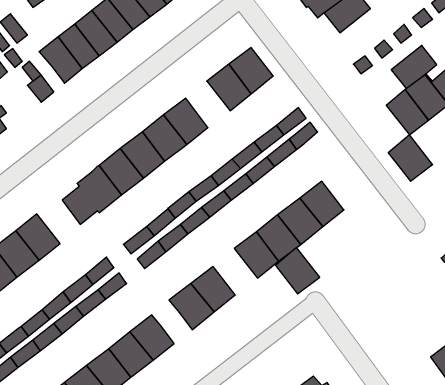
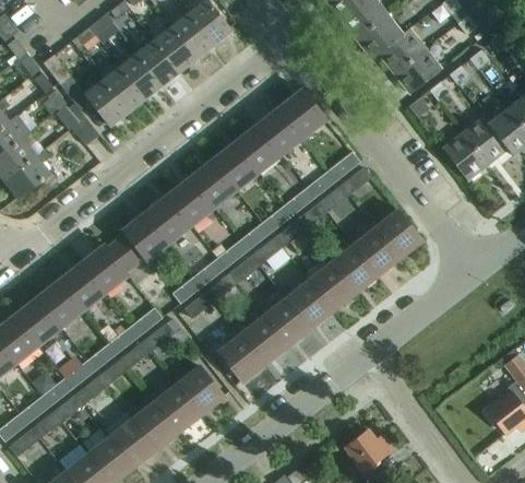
building: [391,45,437,89] -> [395,48,442,93]
building: none -> [236,123,282,172]
building: [388,135,433,181] -> [377,209,422,257]
building: none -> [82,244,129,292]
building: [275,248,320,294] -> [264,297,310,345]

